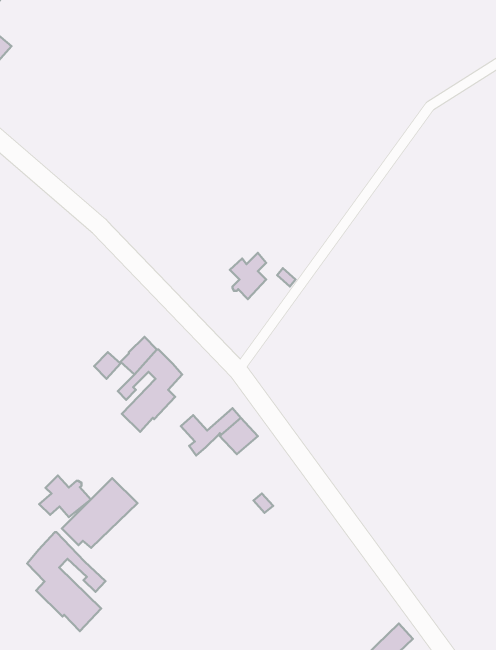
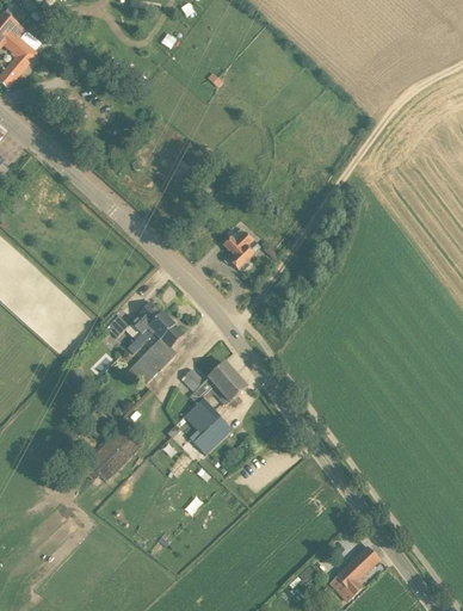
building: none -> [183,395,230,453]
building: [39,475,91,517] -> none
building: [27,532,105,631] -> none

